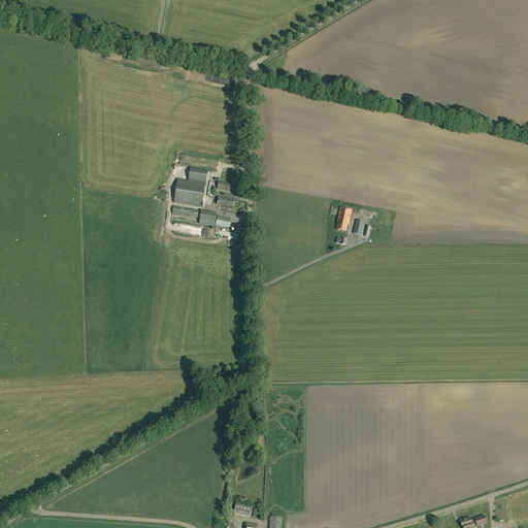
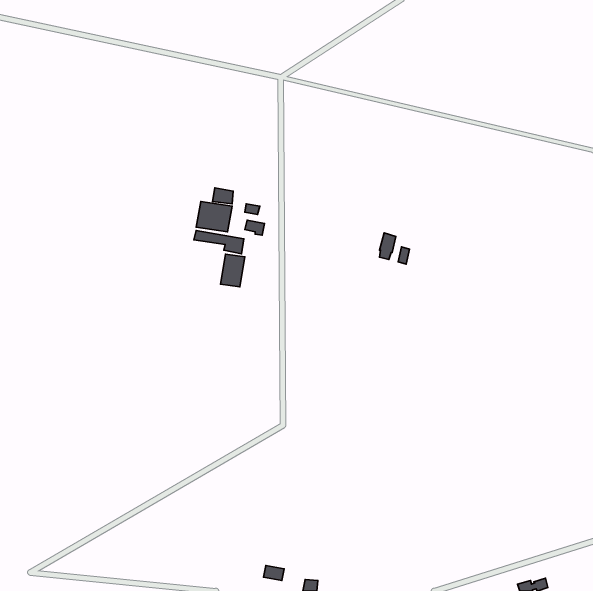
building: none -> [220,254,245,287]

